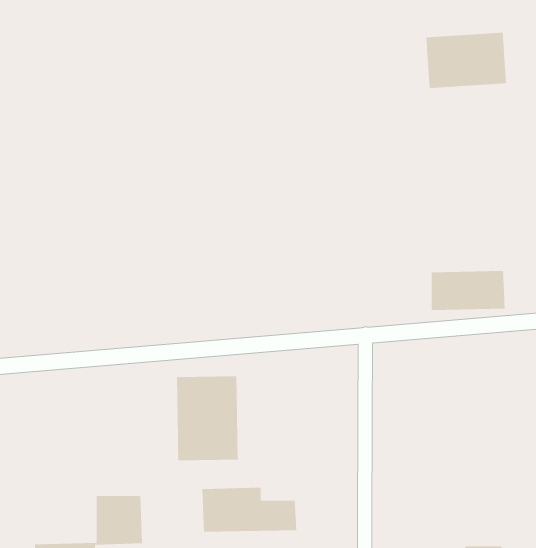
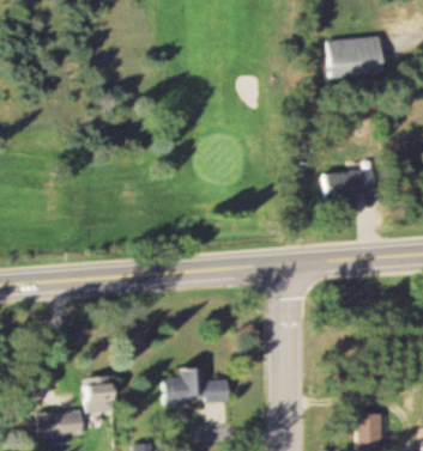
building: [431,270,505,311] -> [320,171,375,201]
building: [176,376,238,461] -> none

